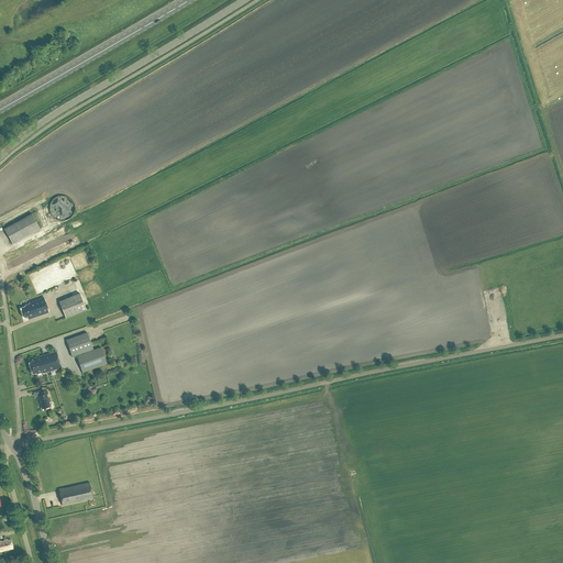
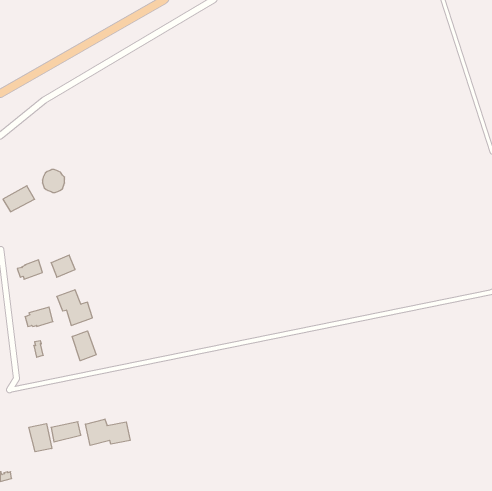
building: none -> [72,331,96,361]
building: none -> [85,419,130,445]
building: none -> [29,424,52,452]

